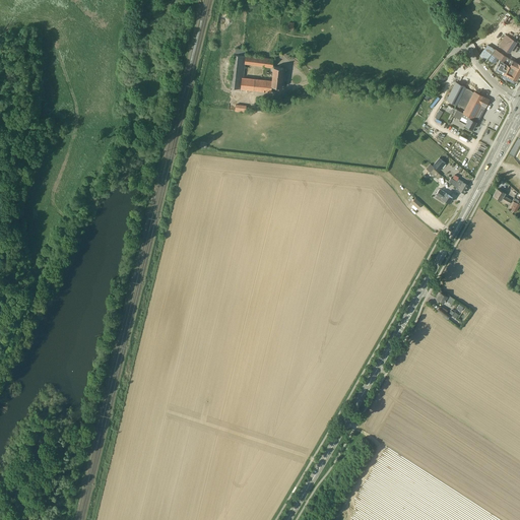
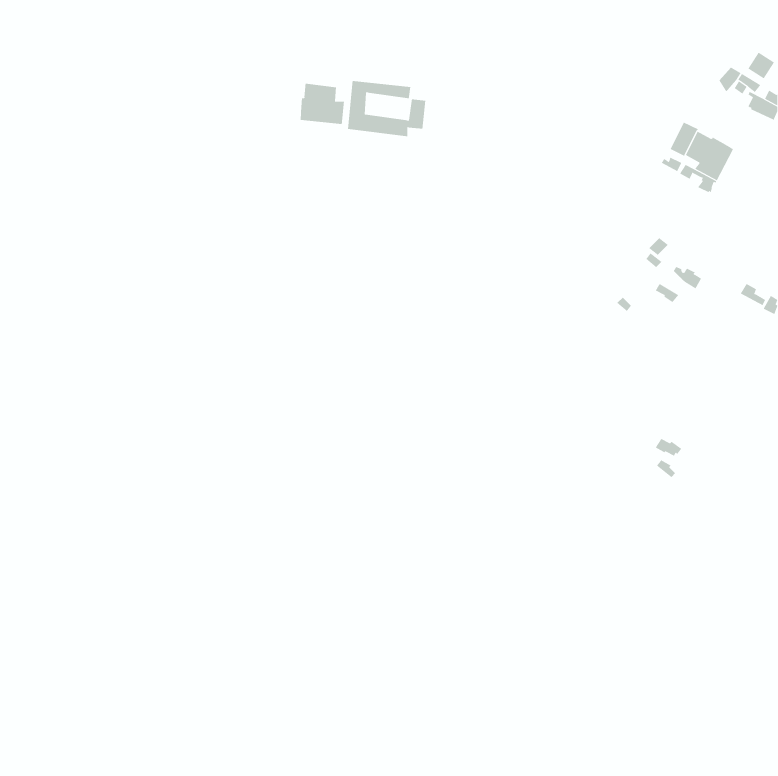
building: none -> [300,83,344,125]

